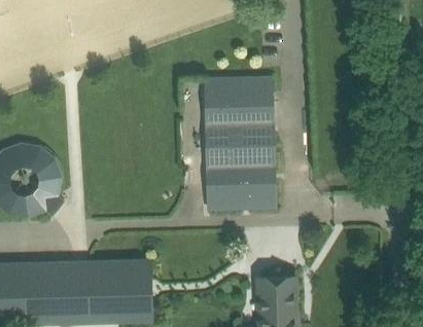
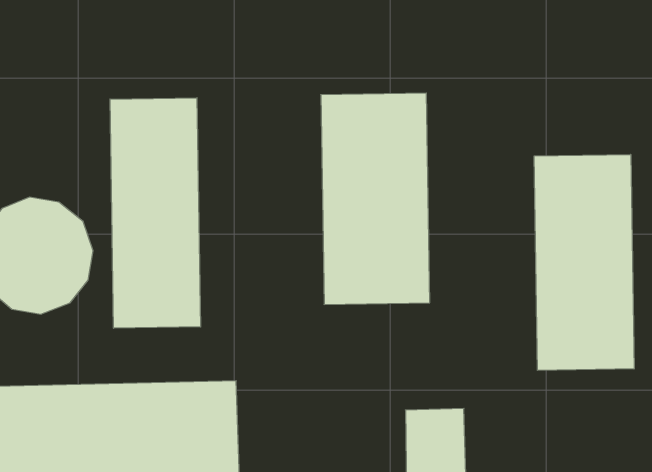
building: none -> [110,98,201,328]
building: none -> [534,154,634,370]

